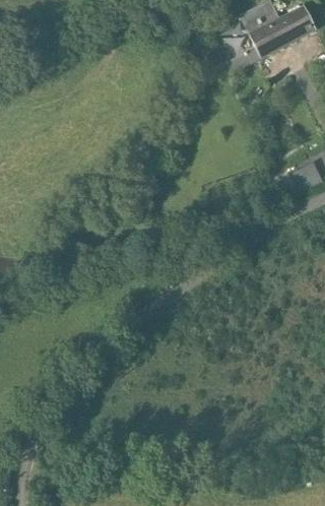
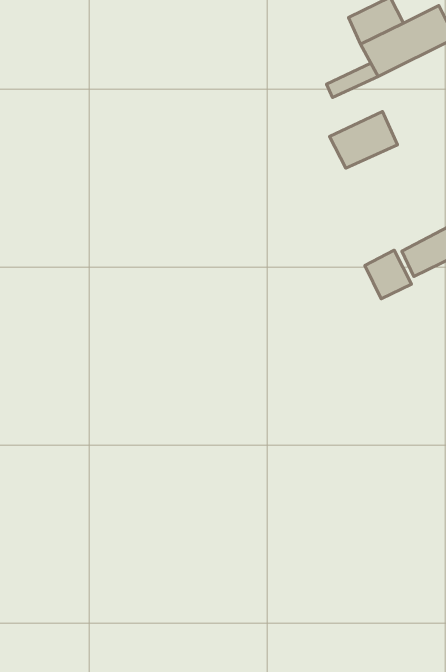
building: none -> [330,112,397,168]
building: none -> [365,250,411,299]

